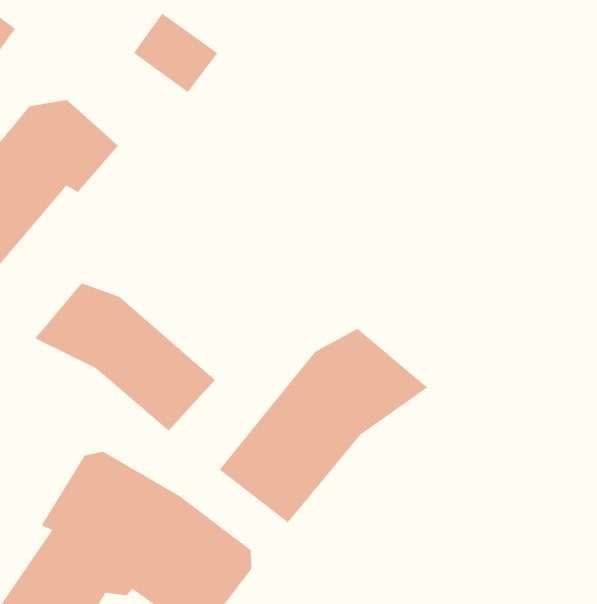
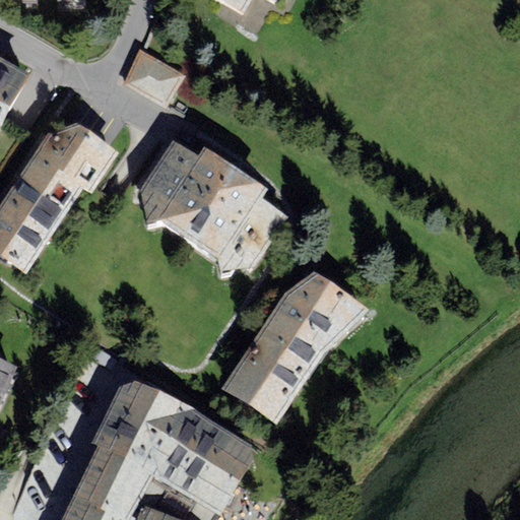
building: none -> [139,139,287,269]
building: [34,283,216,431] -> none

